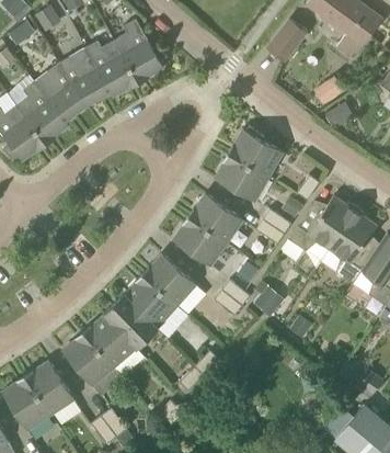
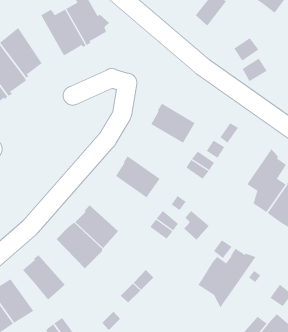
building: [58,48,111,105] -> none
building: [228,126,283,177] -> none
building: [187,193,243,242] -> none
building: [288,195,358,268] -> [197,248,256,309]
building: [142,253,196,305] -> none
building: [82,315,137,369] -> none

